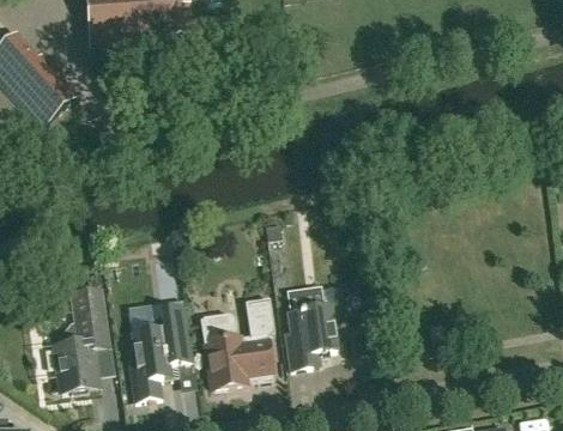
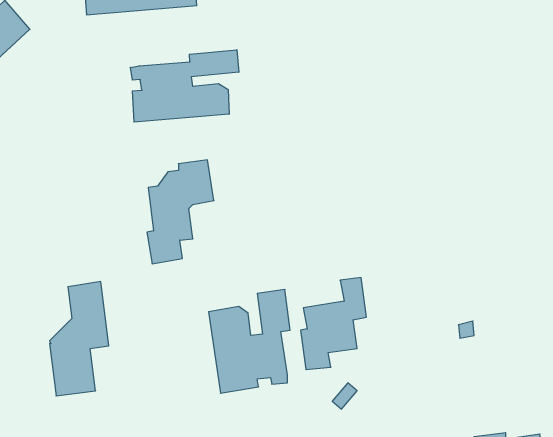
building: [19,71,73,125] -> none
building: none -> [130,50,239,122]
building: [131,306,192,401] -> [147,160,214,264]

